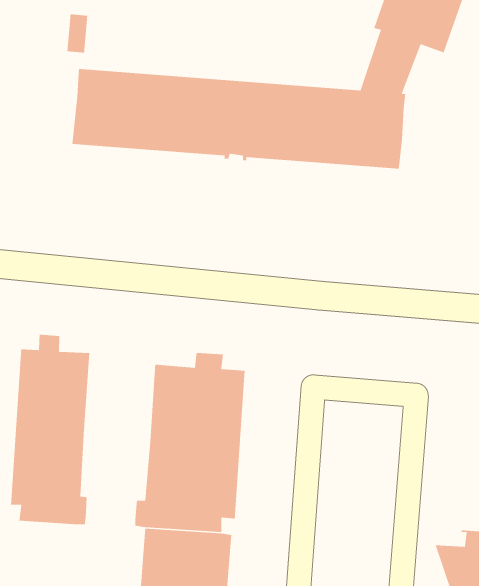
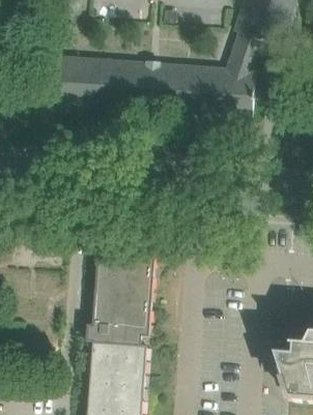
building: [10,334,90,525] -> none

